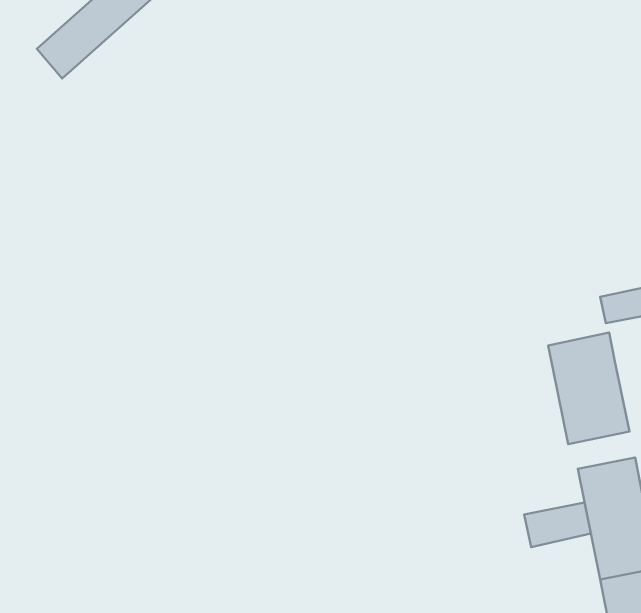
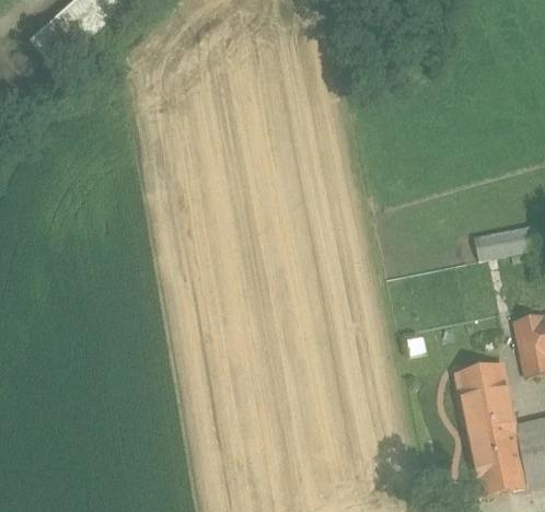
building: [548,333,629,444] -> none
building: [524,502,591,547] -> none

